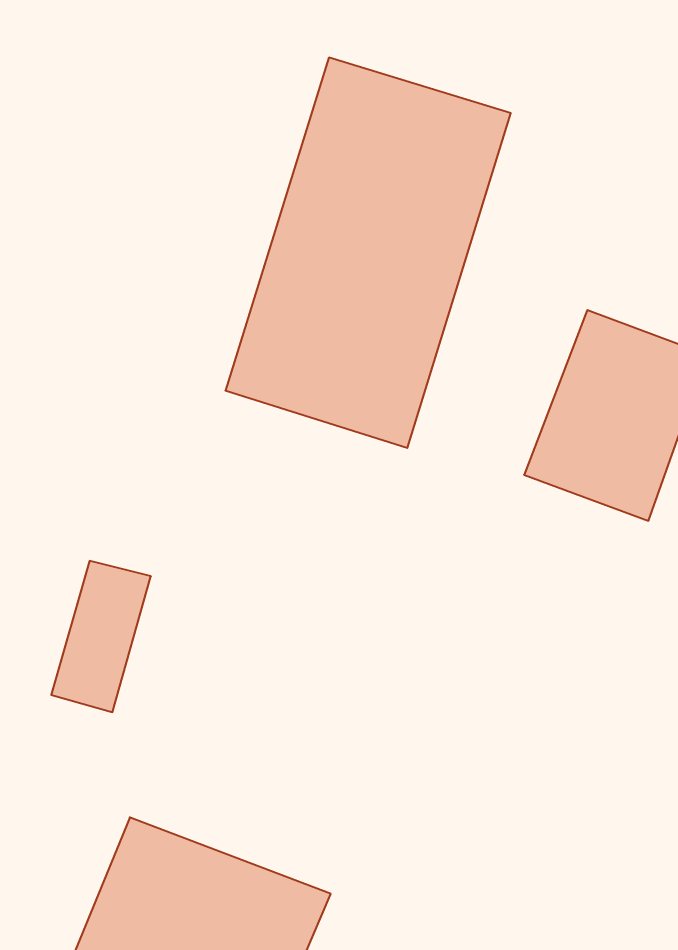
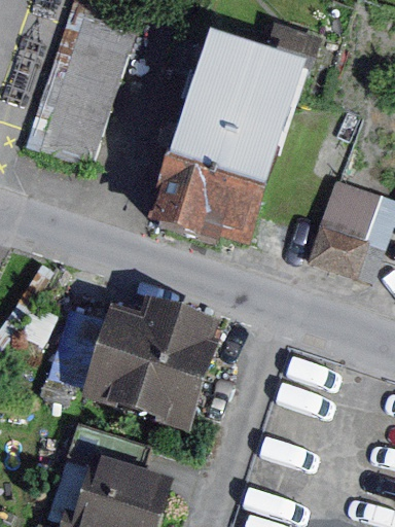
building: none -> [34,17,134,160]
building: none -> [97,300,244,441]

